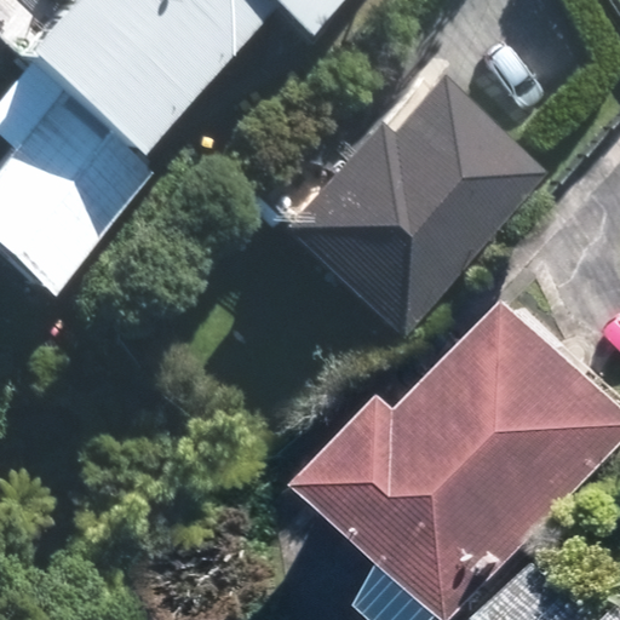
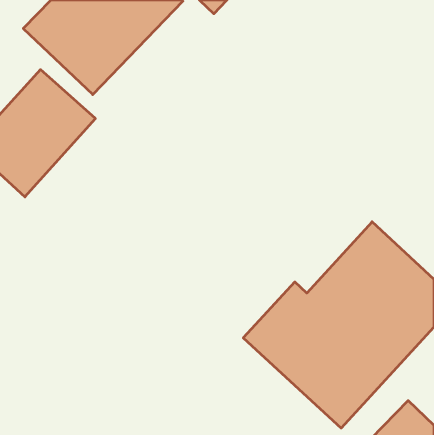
building: [283,80,521,320] -> none

